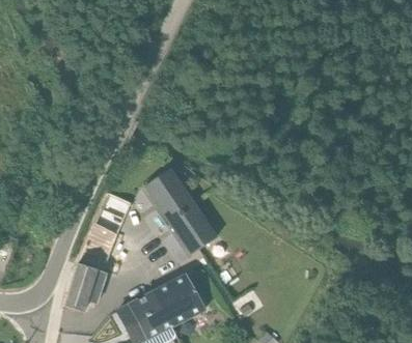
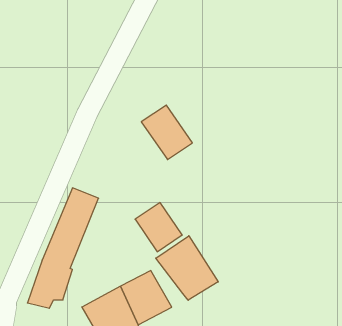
building: [143,169,194,223] -> [141,105,192,160]
building: none -> [156,236,218,300]

